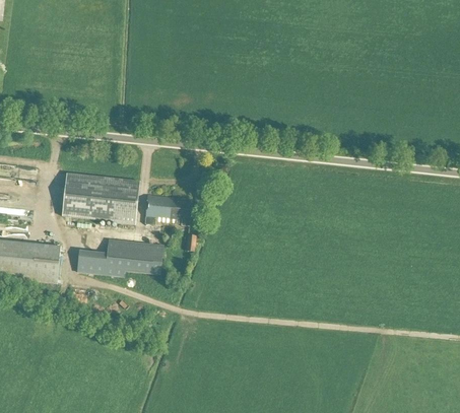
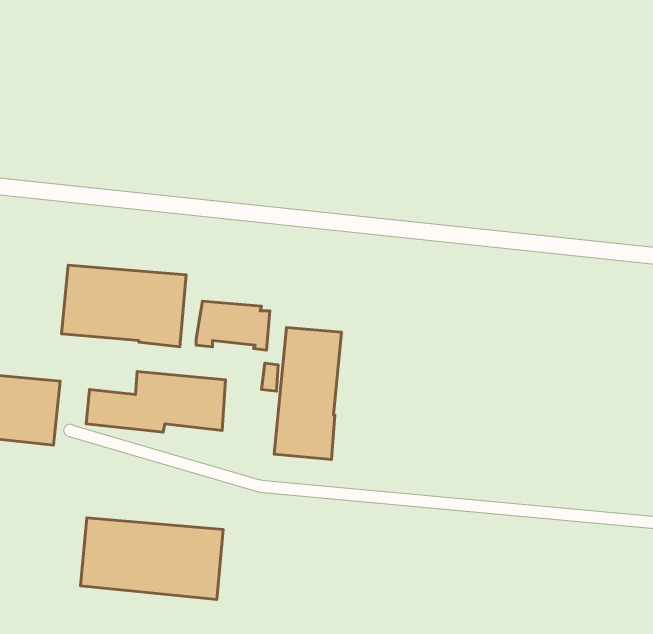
building: none -> [274,328,341,459]
building: none -> [81,518,223,600]

